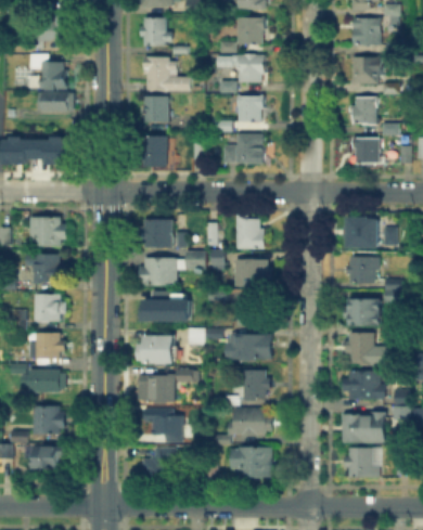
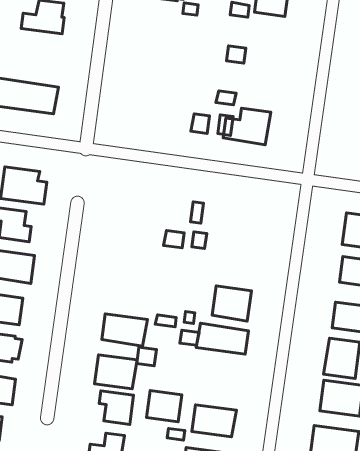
building: [239,52,267,81] -> none
building: [145,59,191,93] -> none
building: [37,91,75,112] -> none
building: [145,96,169,122] -> none
building: [239,96,264,121] -> none
building: [143,138,168,167] -> none
building: [236,217,266,248] -> none
building: [138,221,185,248] -> none
building: [141,257,179,286] -> none
building: [234,259,269,288] -> none
building: [141,292,178,327] -> none
building: [238,371,267,396] -> [146,391,182,422]

